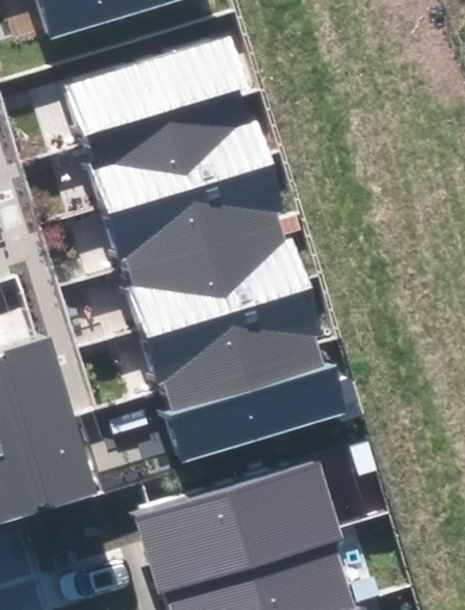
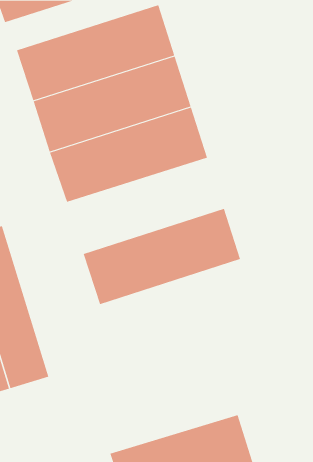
building: [108,211,315,336] -> none
building: [151,343,359,469] -> none
building: [138,465,342,600] -> none

